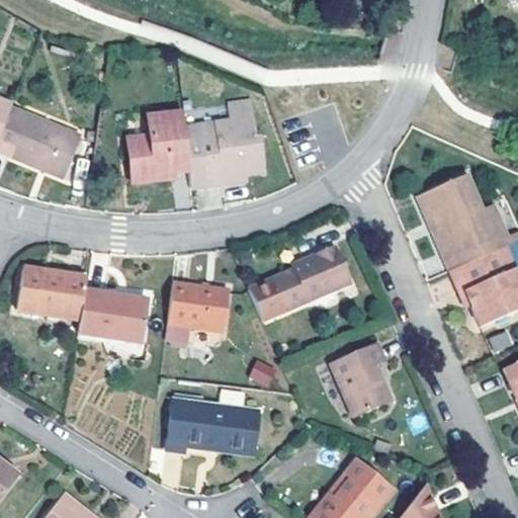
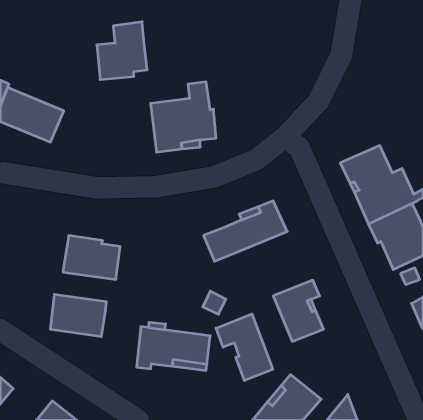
building: [127,111,189,182] -> [97,22,147,80]
building: [16,268,85,320] -> [50,294,106,337]
building: [167,283,229,330] -> none
building: none -> [216,314,273,381]

